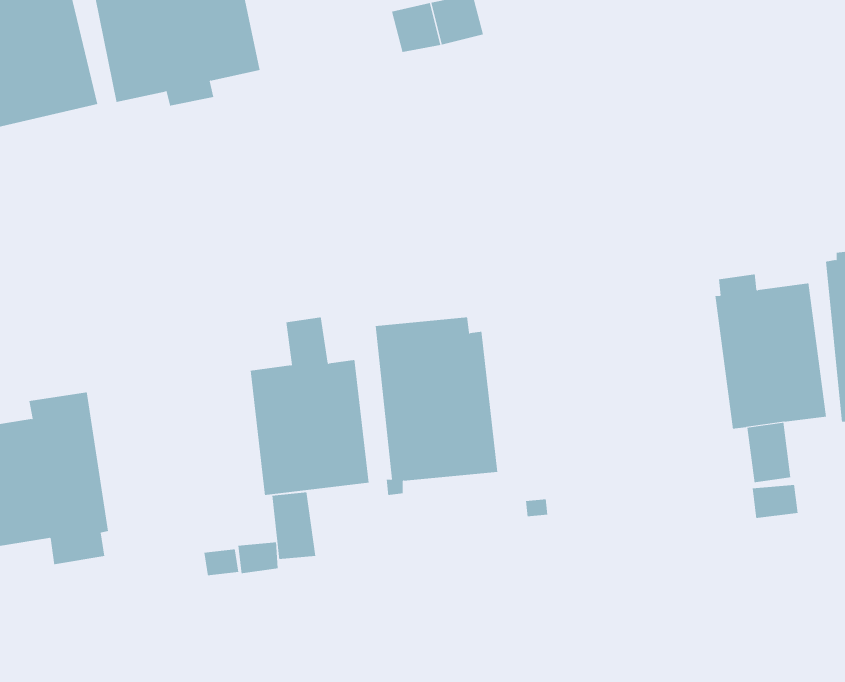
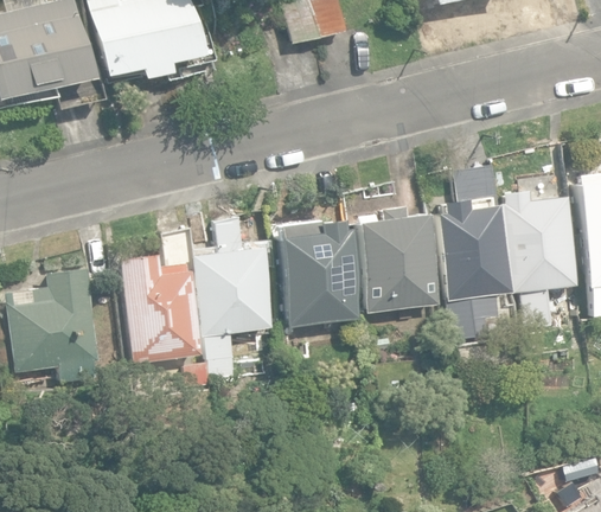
building: none -> [436,162,511,339]
building: none -> [356,205,436,313]
building: none -> [122,231,203,364]

